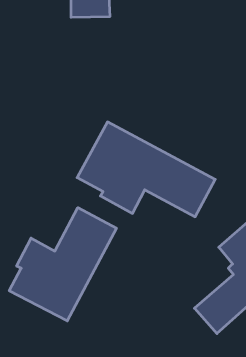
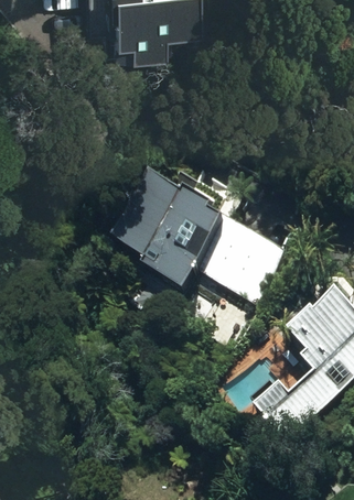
building: [9,208,116,321] -> none

